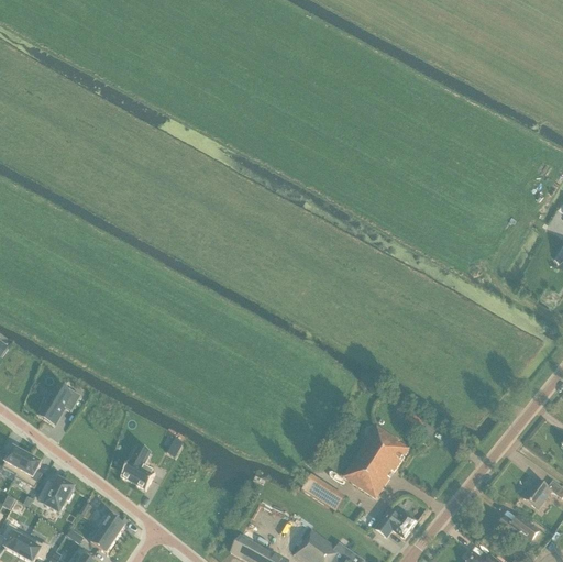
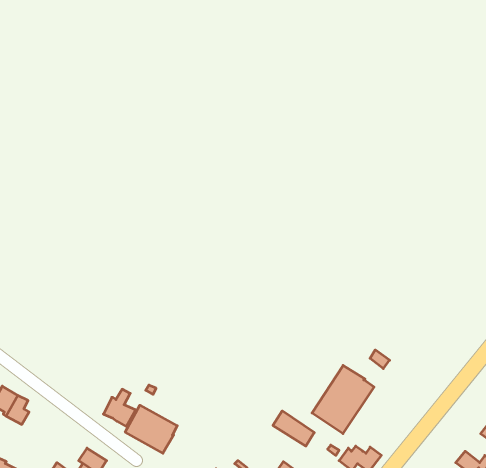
building: [36,382,80,425] -> none
building: none -> [125,405,177,453]
building: [37,476,74,511] -> none

